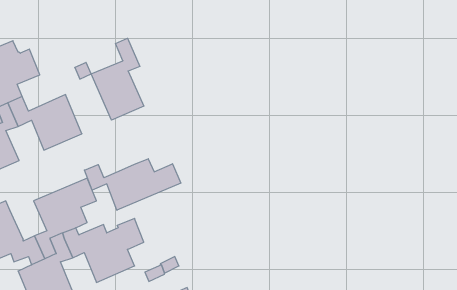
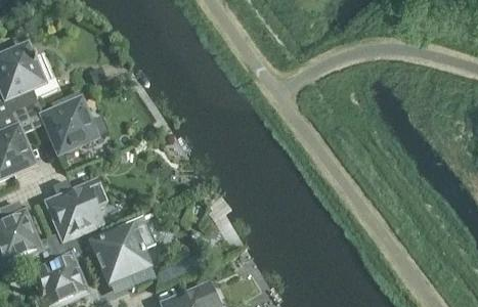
building: [91,38,144,120] -> none
building: [84,159,181,210] -> none

